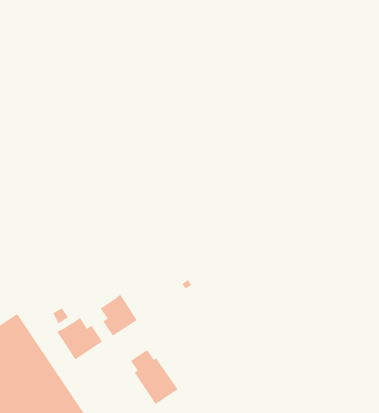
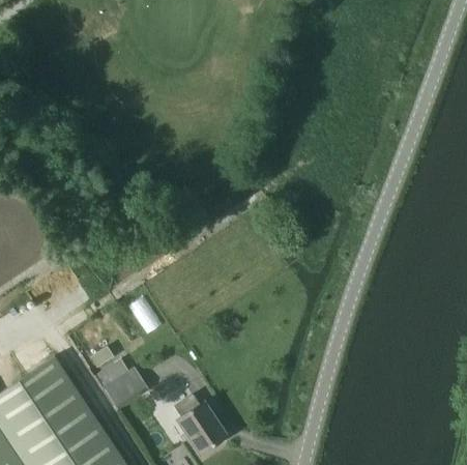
building: [100,294,138,337] -> none

